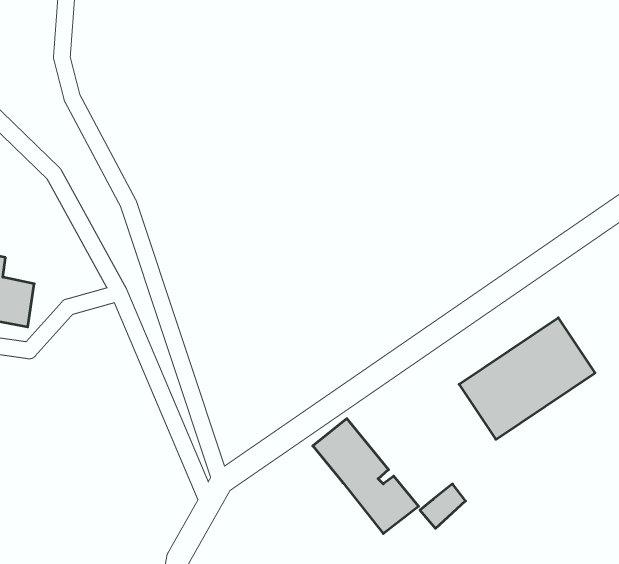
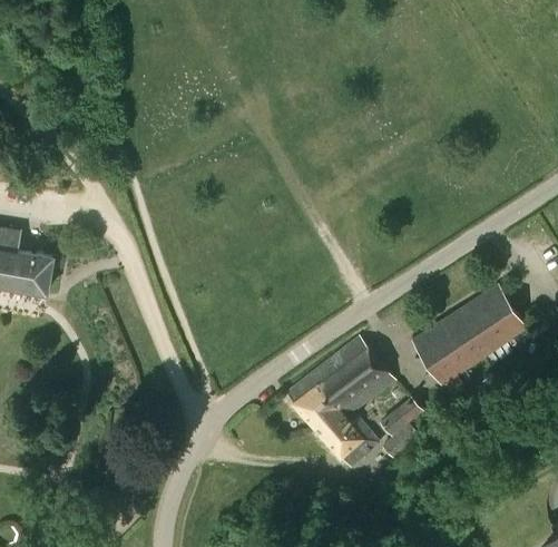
building: none -> [316,338,392,413]
building: none -> [376,399,421,439]

